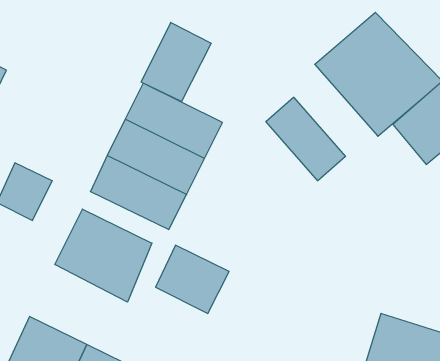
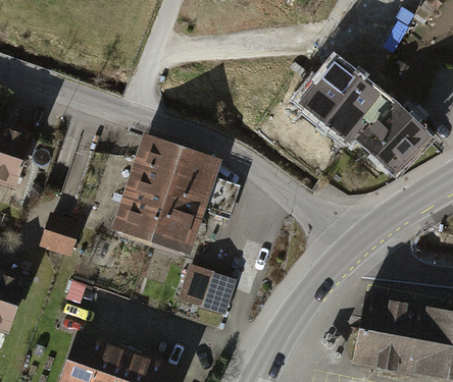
building: [141,22,211,102] -> none
building: [266,97,345,181] -> none
building: [55,209,152,302] -> none

